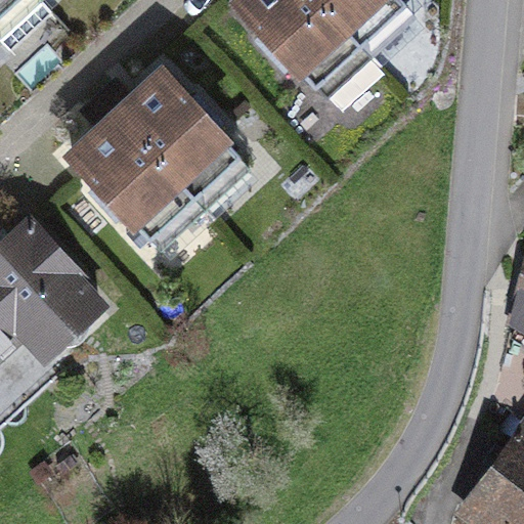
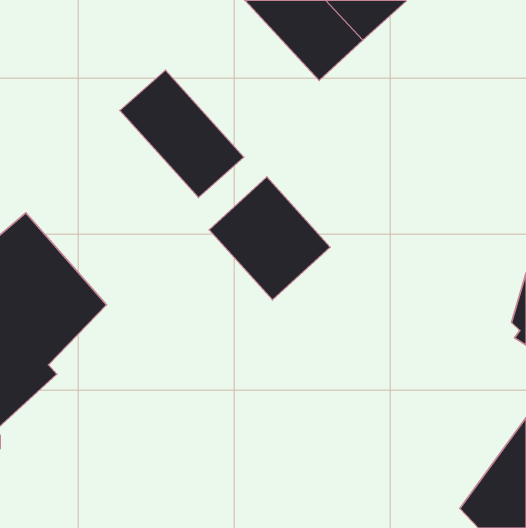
building: [75,110,196,235] -> none
building: none -> [209,177,330,300]

